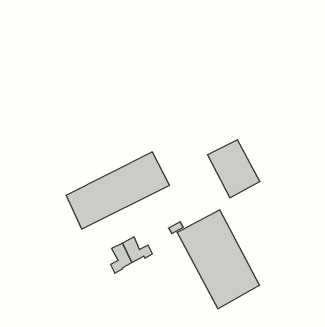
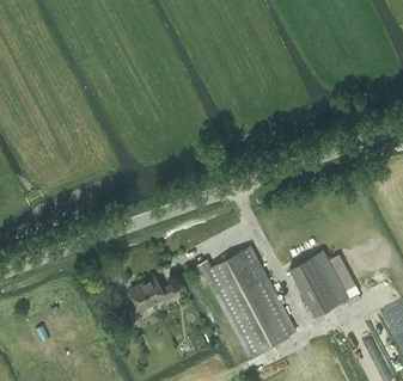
building: [207,140,260,198] -> [289,252,348,317]
building: [66,152,169,229] -> none

